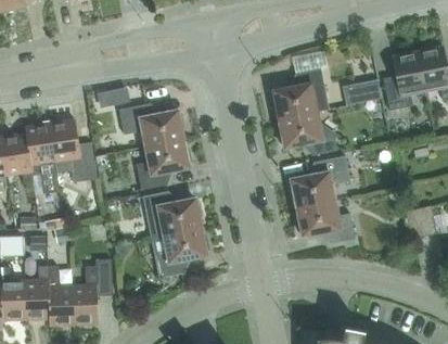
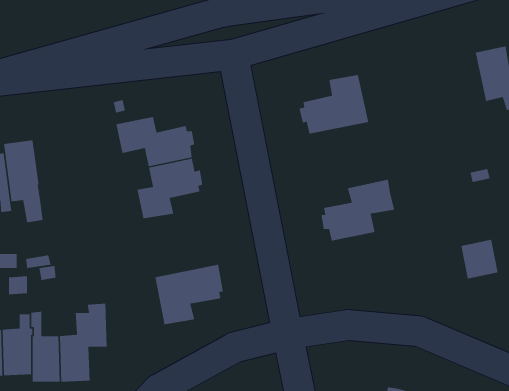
building: [383,50,425,110] -> none
building: [342,78,381,104] -> none
building: [278,112,340,155] -> none
building: [50,119,97,182] -> none
building: [142,191,204,237] -> none
building: [295,200,355,243] -> none

